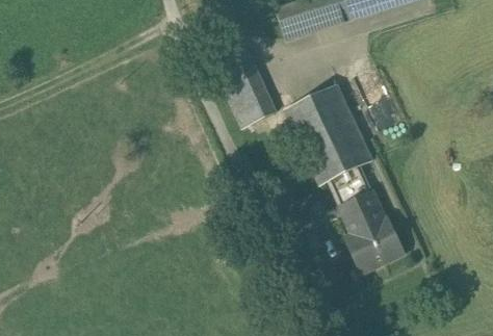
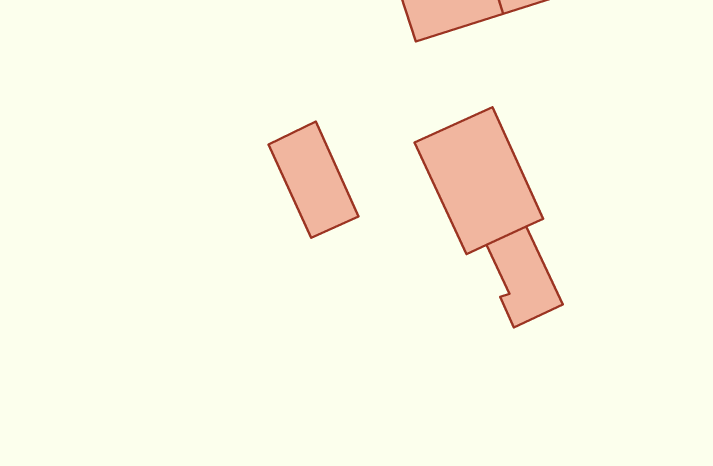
building: [214,49,276,128] -> [268,122,359,238]
building: [351,218,405,274] -> none

